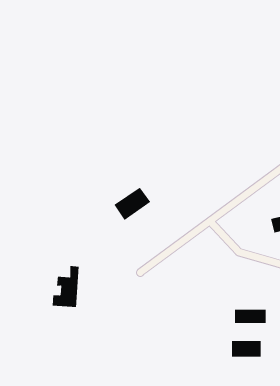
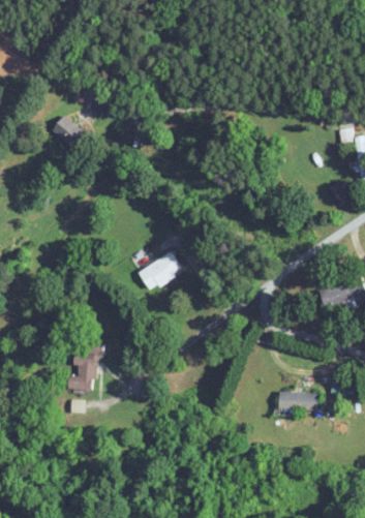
building: none -> [51,116,88,150]
building: [232,340,261,357] -> none

